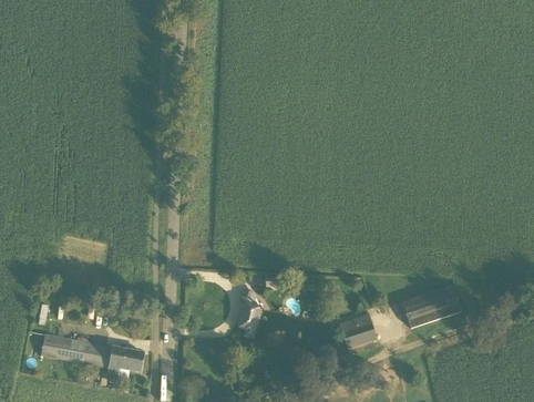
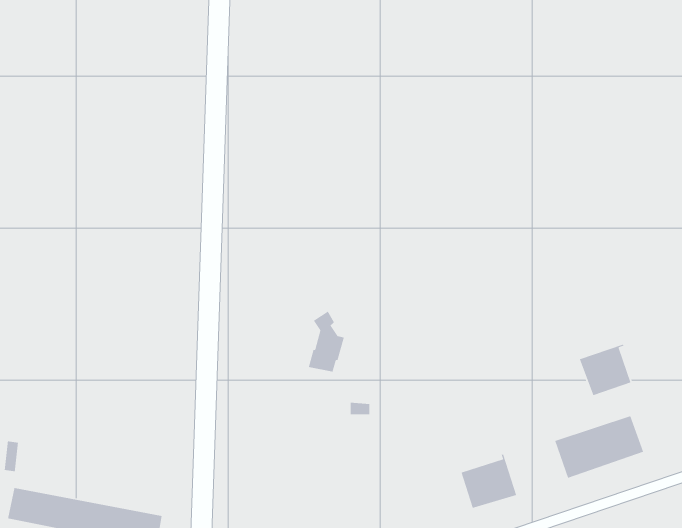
building: none -> [579,344,632,396]
building: [237,289,261,330] -> [308,311,345,372]

